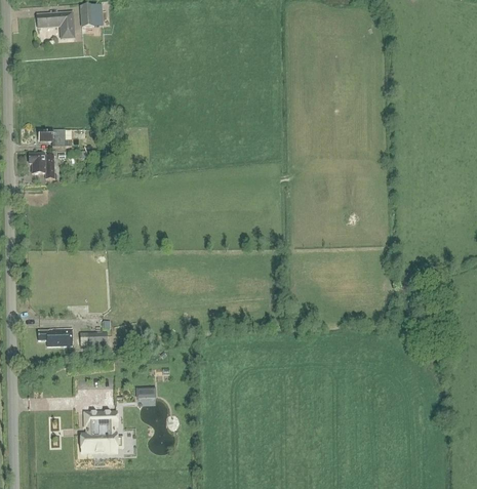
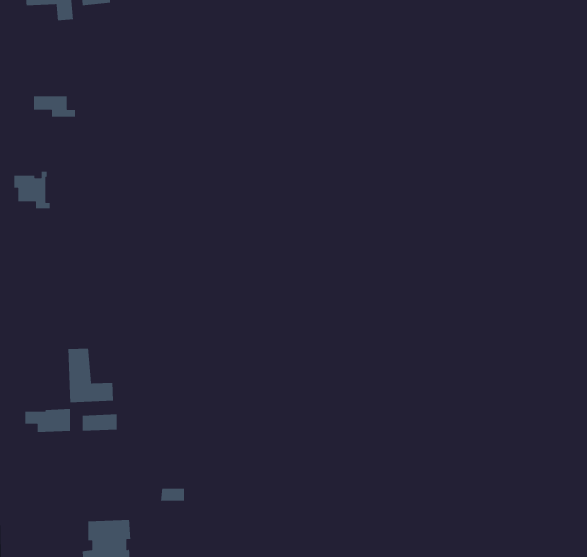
building: [39,130,71,147] -> [33,95,76,117]
building: none -> [68,348,114,403]

